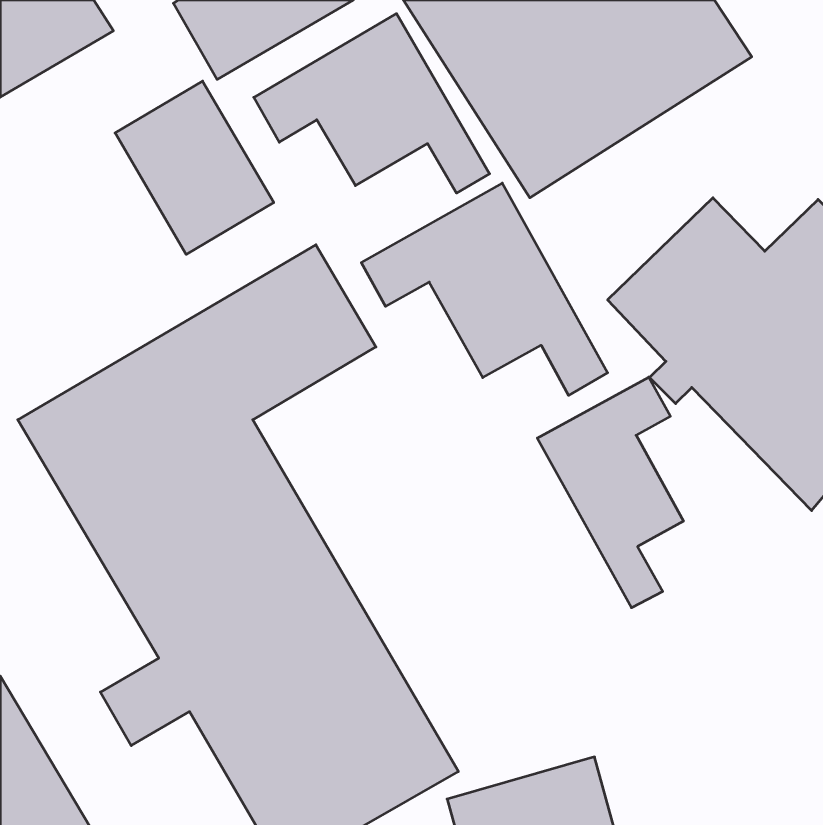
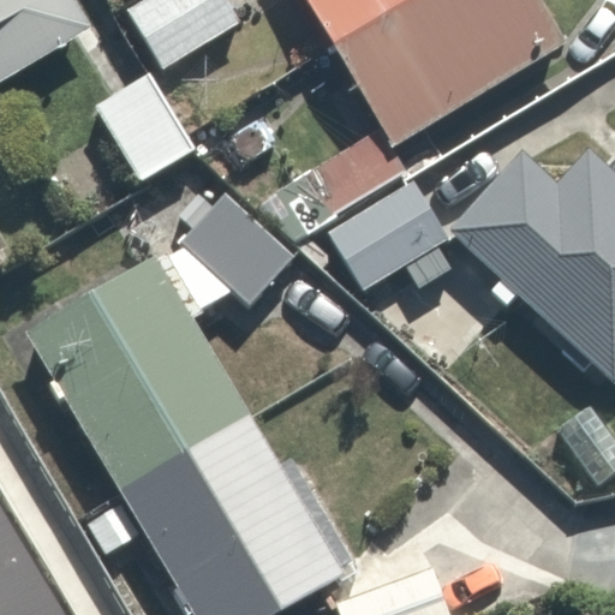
building: [254,14,490,193] -> none
building: [537,377,683,608] -> none

